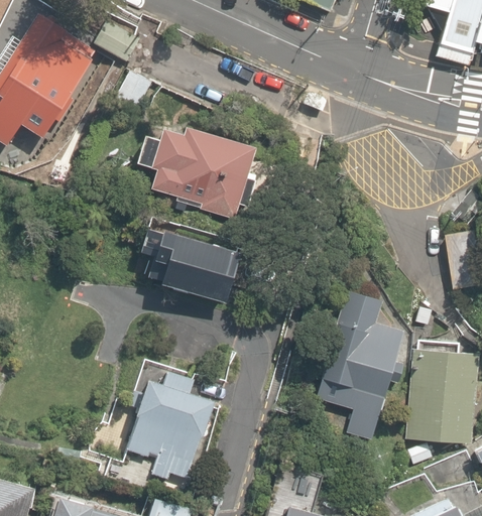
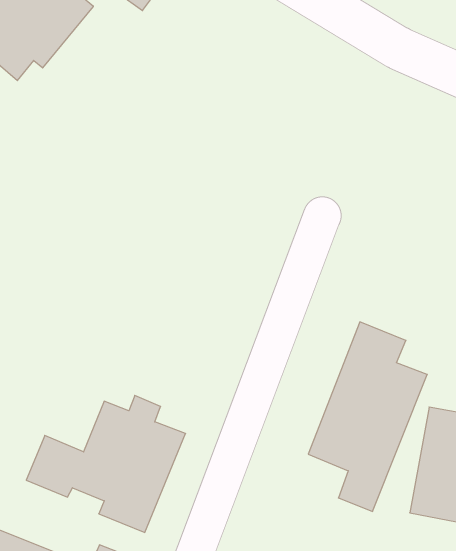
building: [136,118,262,221] -> none
building: [148,226,239,308] -> none

